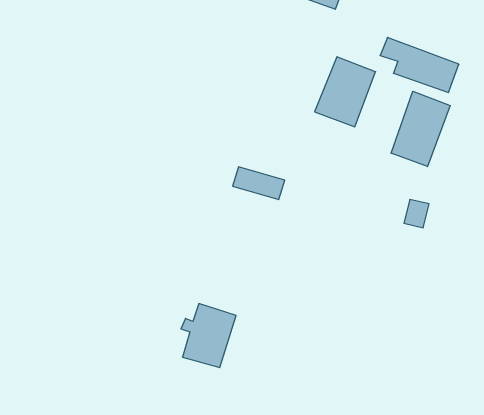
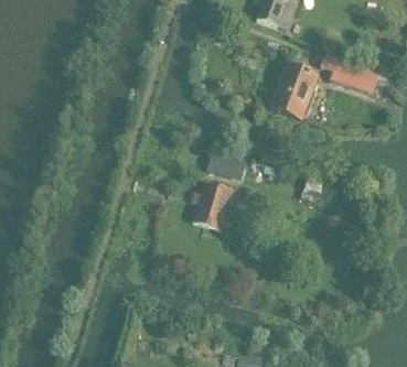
building: [391,91,450,167] -> none
building: [181,304,236,368] -> [192,182,233,229]

